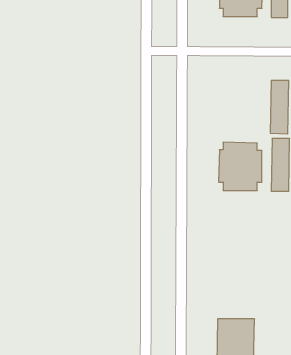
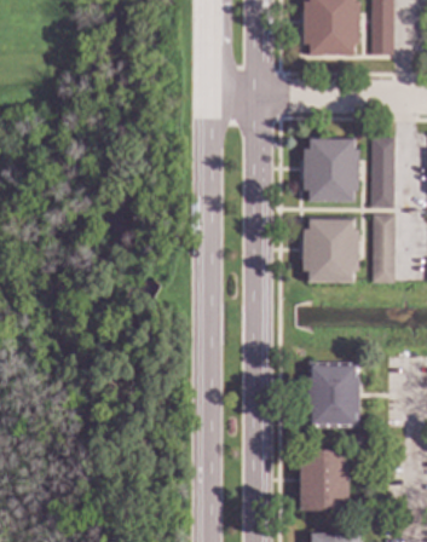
building: none -> [304,138,359,202]
building: none -> [308,362,360,428]

